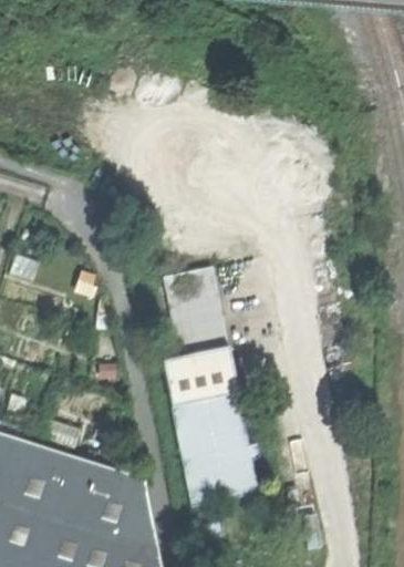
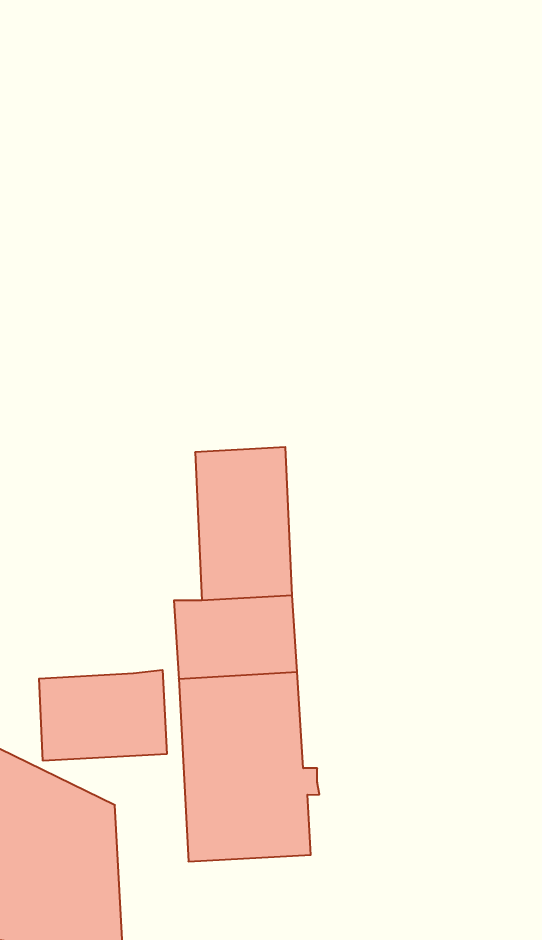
building: none -> [39,670,167,761]

